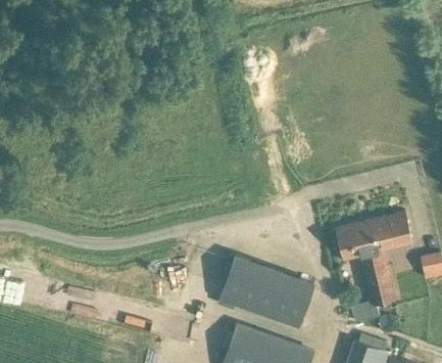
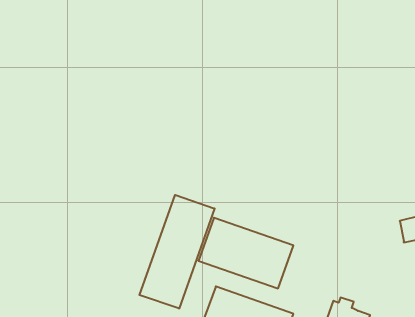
building: [337,211,414,305] -> none
building: none -> [139,195,215,309]

